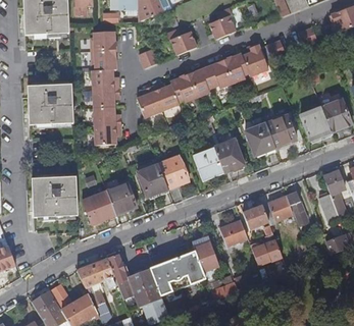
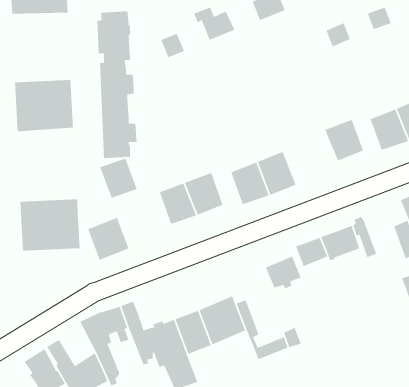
building: [137,42,268,117] -> none
building: [245,122,275,155] -> none
building: [106,182,136,214] -> [99,158,138,199]
building: [250,239,282,265] -> none

